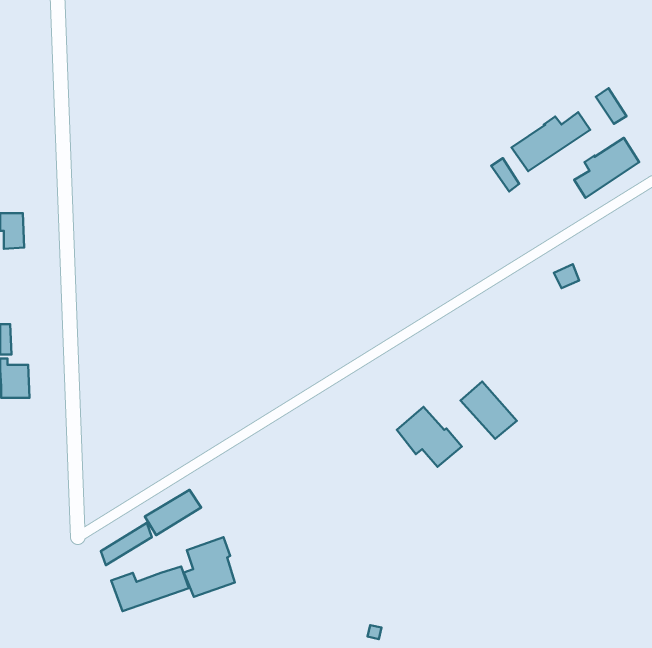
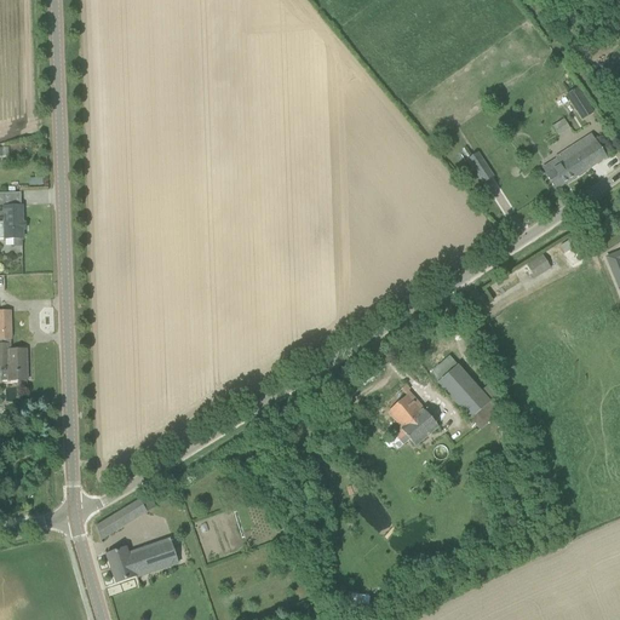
building: [511,112,590,171] -> none
building: [145,490,201,535] -> none
building: [184,537,235,597] -> none

